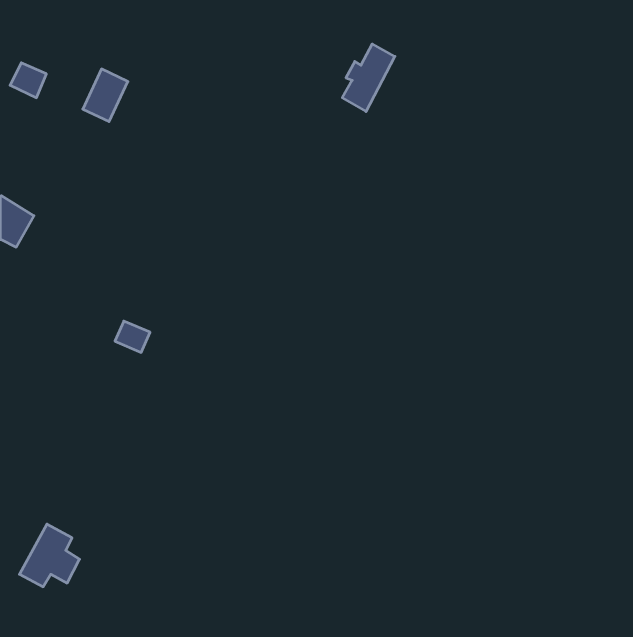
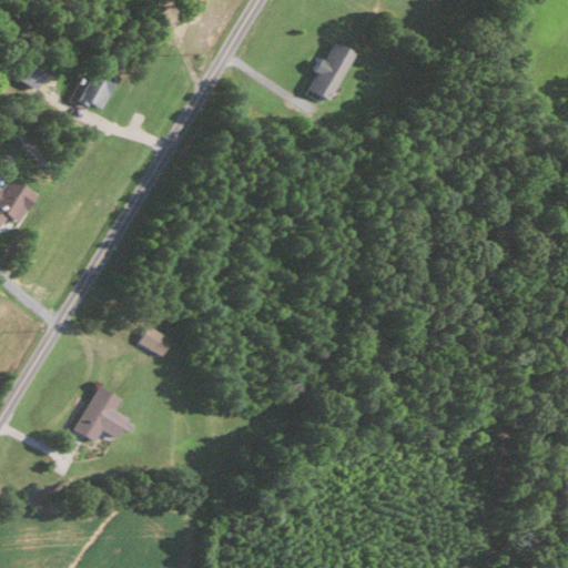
building: [115,321,150,352] -> [140,327,171,355]
building: [19,524,80,587] -> [73,387,126,443]

